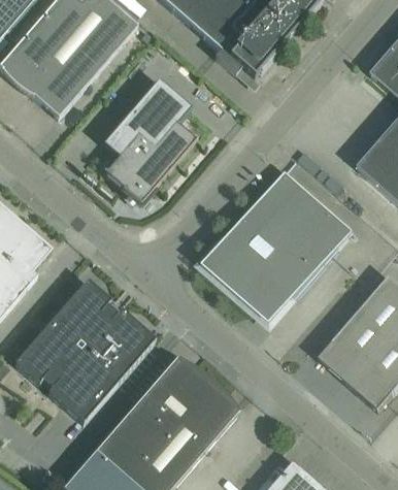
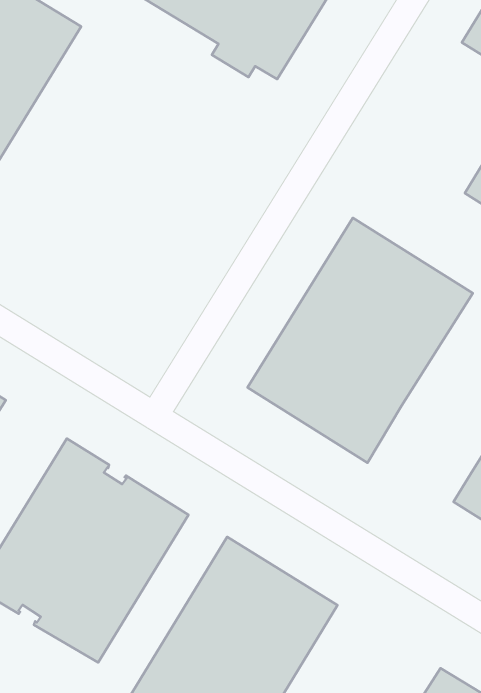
building: [102,79,196,203] -> none

